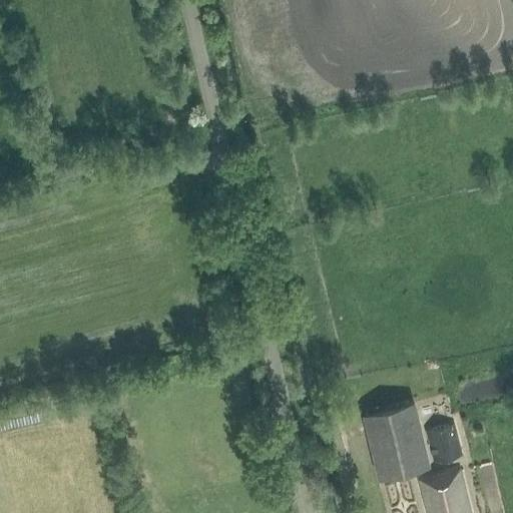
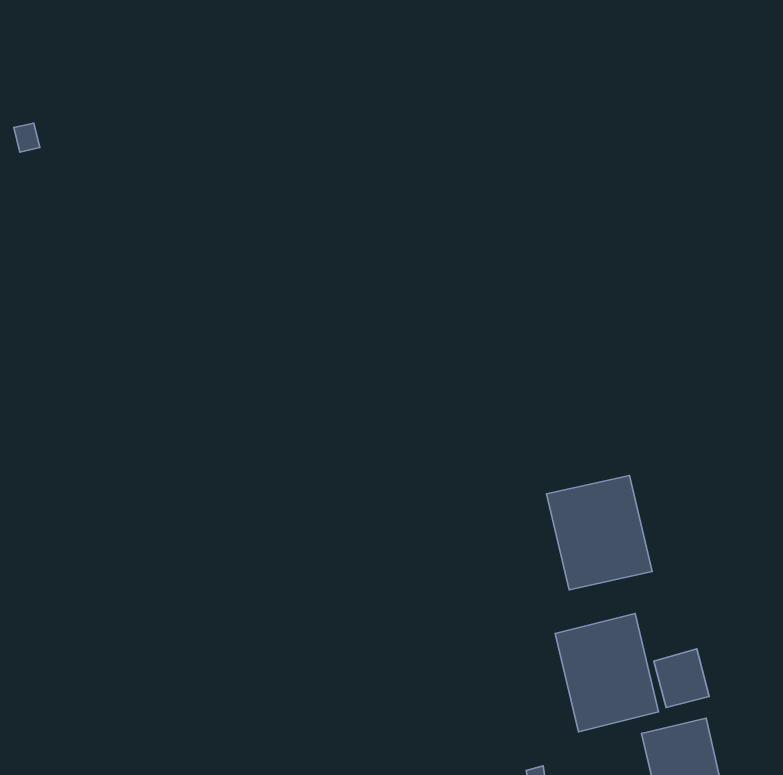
building: none -> [547,475,652,590]

